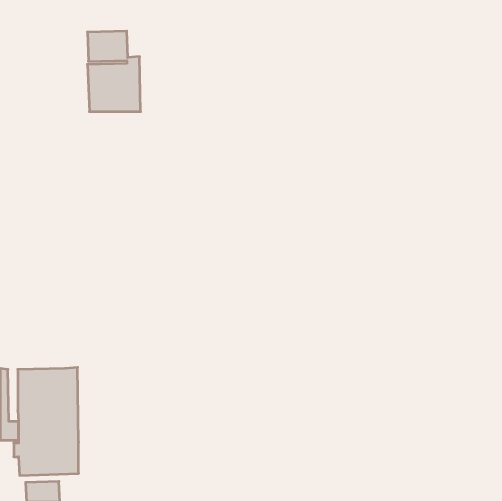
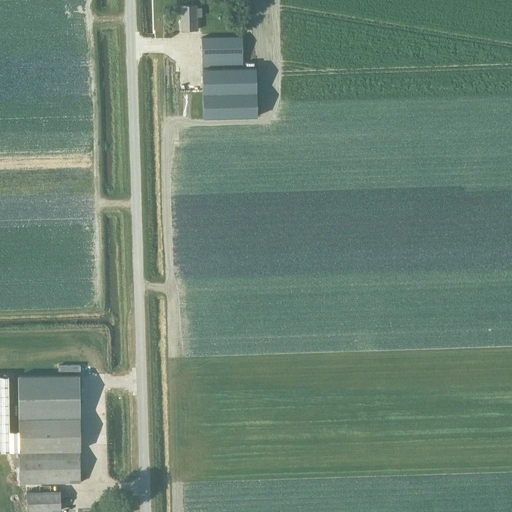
building: none -> [181,6,202,31]
building: [87,31,141,112] -> [202,37,256,119]

